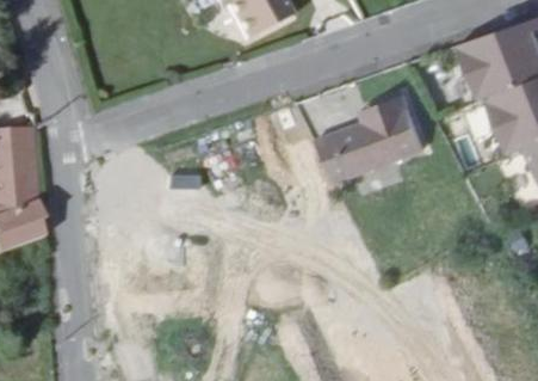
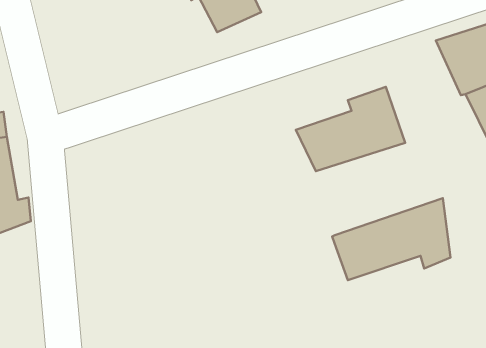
building: none -> [332,198,451,280]

